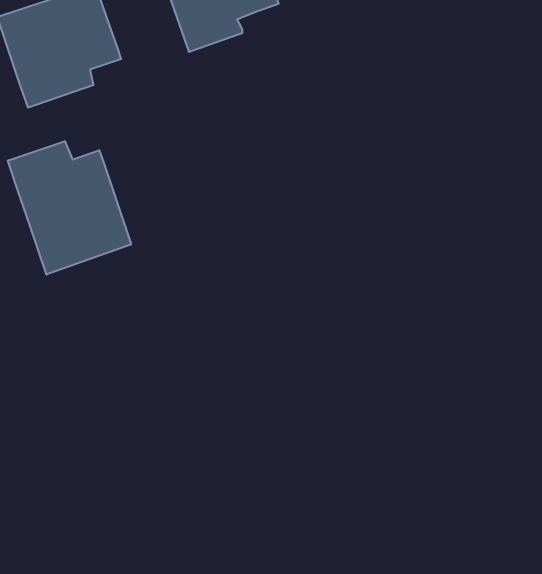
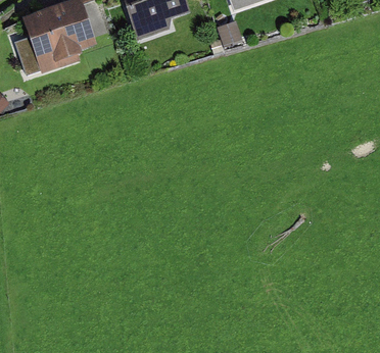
building: [8,141,131,275] -> none

